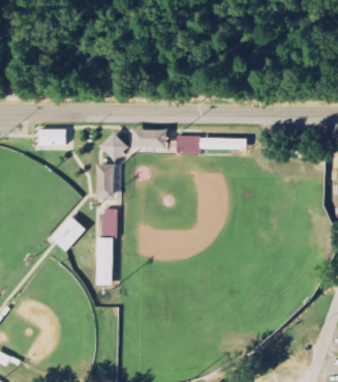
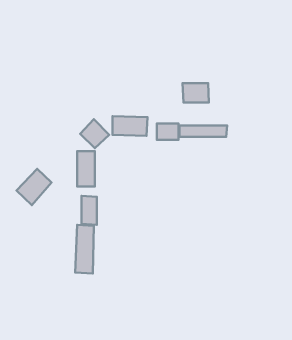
building: none -> [183,83,209,102]
building: [38,128,66,145] -> none
building: [51,215,86,252] -> [16,169,52,205]

